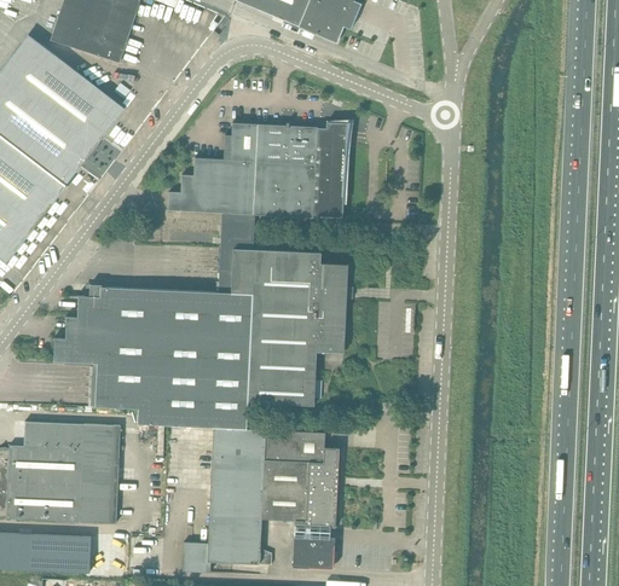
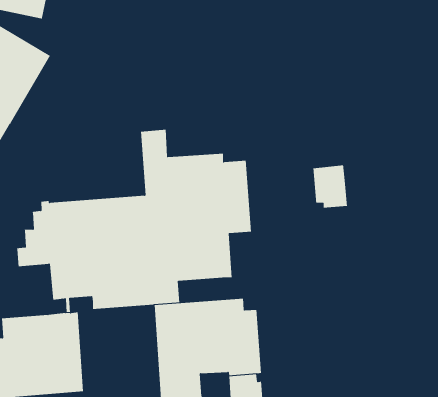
building: [168,122,348,221] -> none
building: none -> [313,164,348,208]

